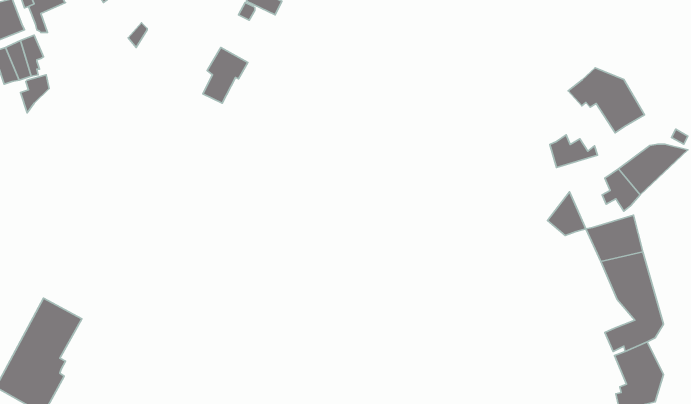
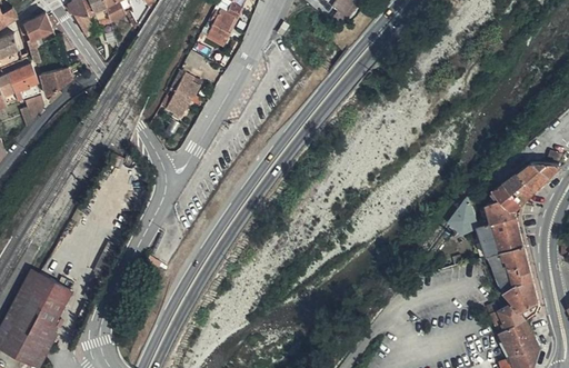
building: none -> [38,70,66,97]
building: [568,68,645,133] -> none
building: [550,135,597,168] -> [478,196,517,222]

